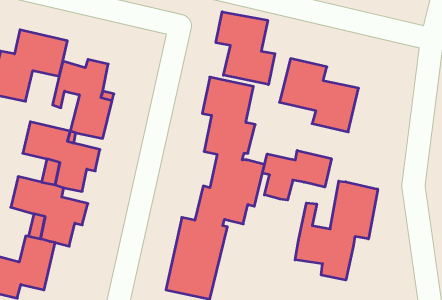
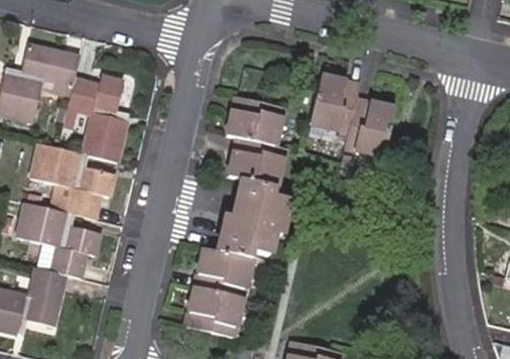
building: [216,12,275,85] -> none
building: [262,150,331,200] -> none
building: [295,181,378,280] -> none

